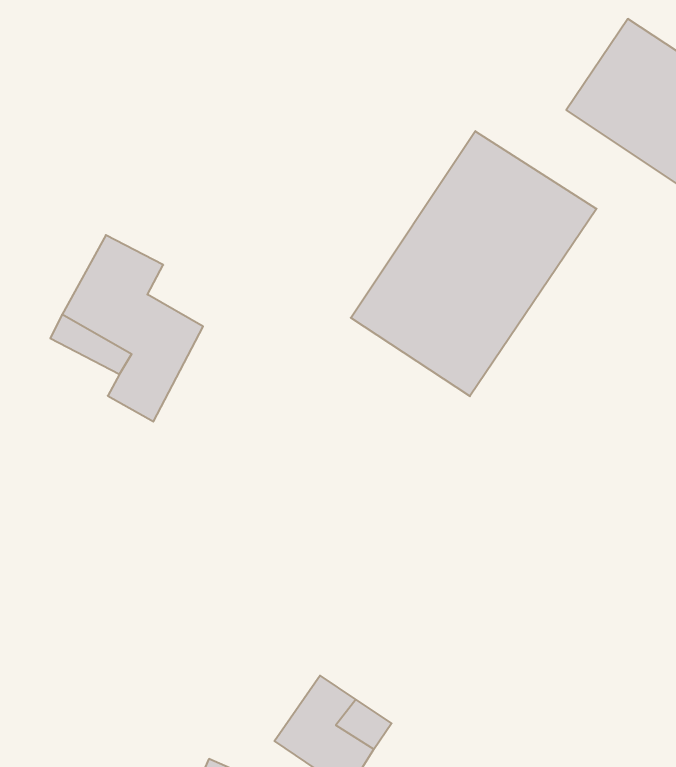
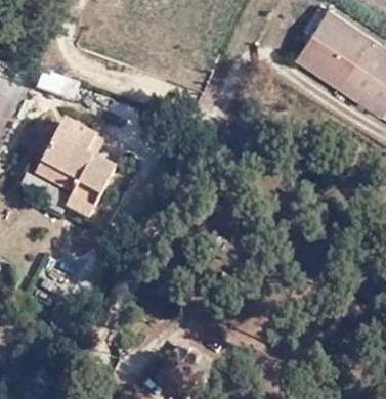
building: [351,131,597,396] -> none

